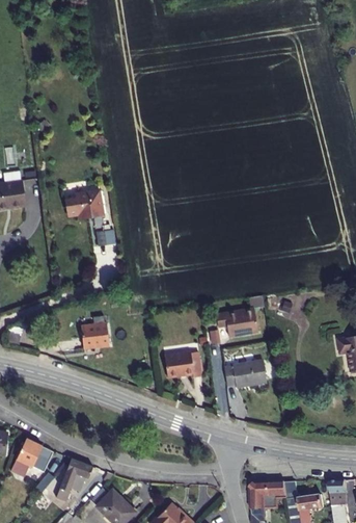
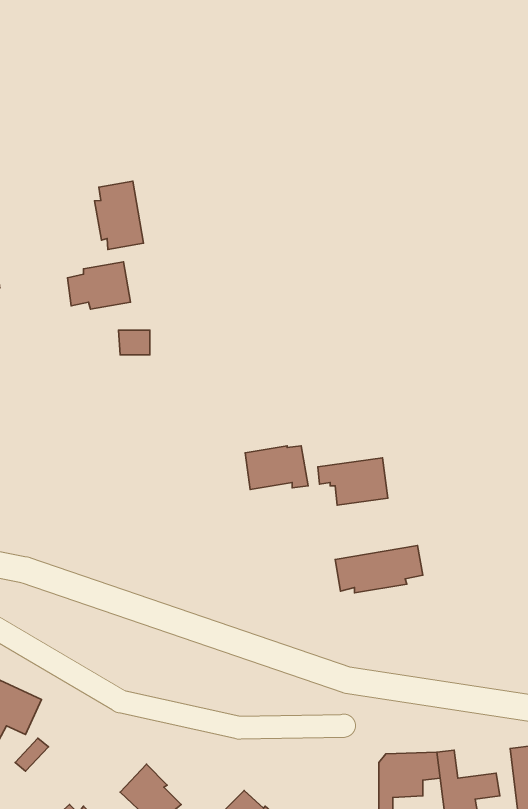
building: none -> [94,181,143,249]
building: [81,323,109,347] -> none
building: [166,352,203,378] -> [245,446,308,489]
building: [57,459,92,500] -> none

